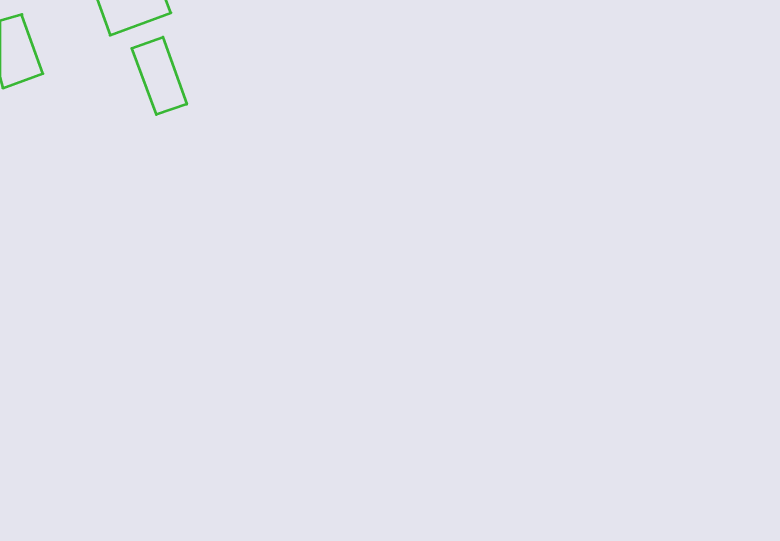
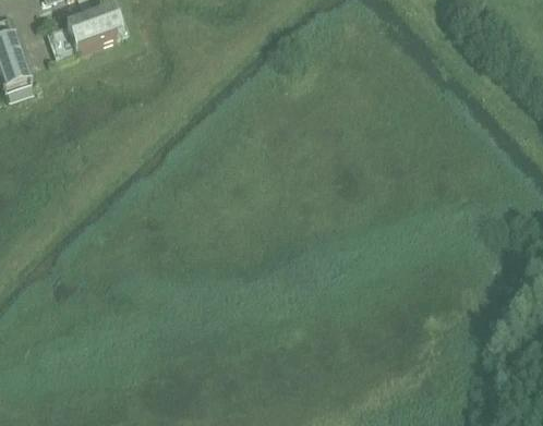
building: [132,37,187,115] -> none

